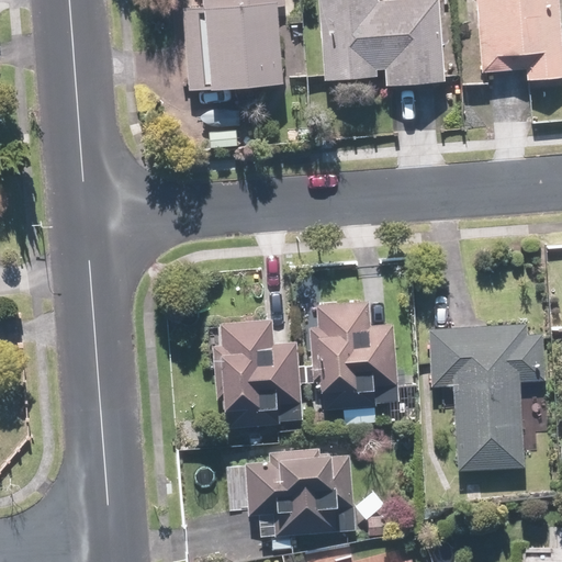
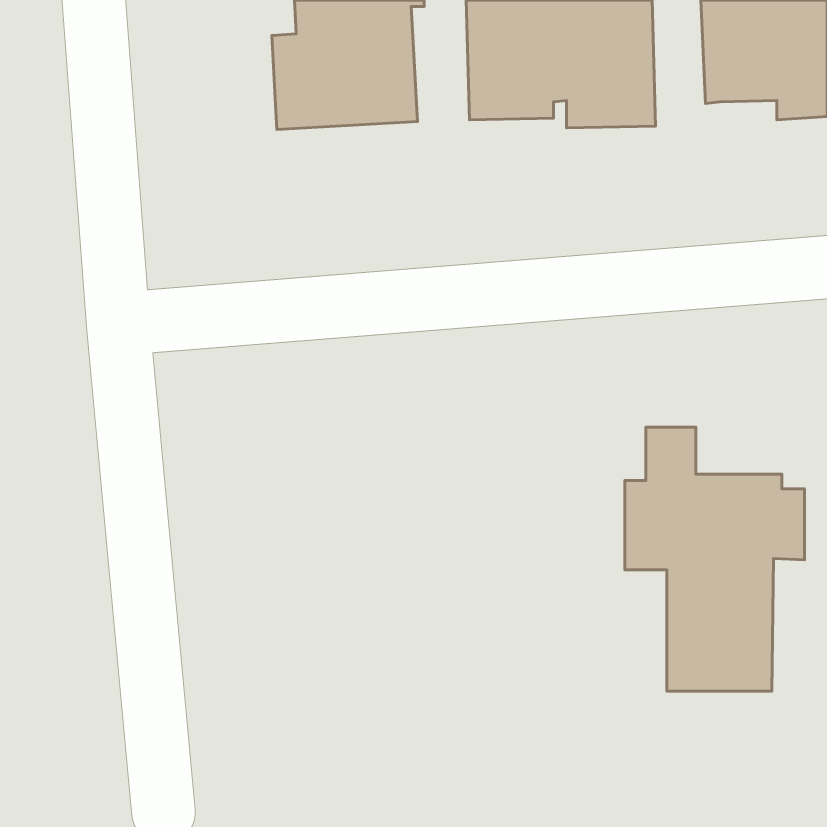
building: [306,302,396,411] -> none
building: [210,319,301,428] -> none
building: [234,449,358,537] -> none

